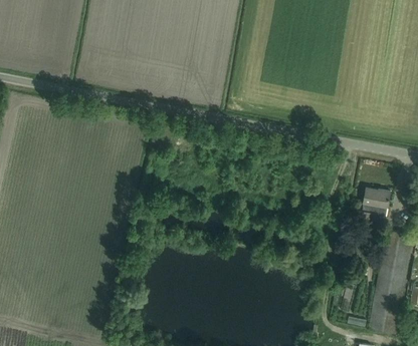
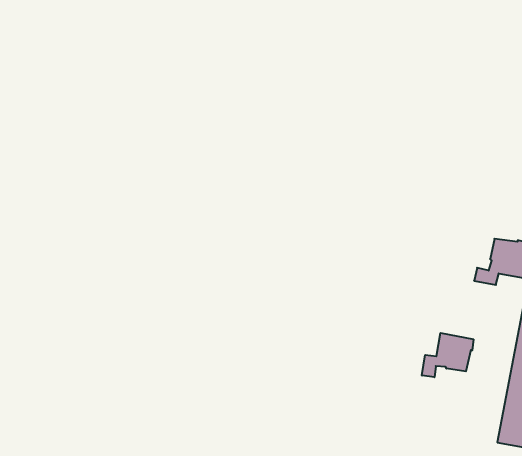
building: none -> [422,333,473,377]

